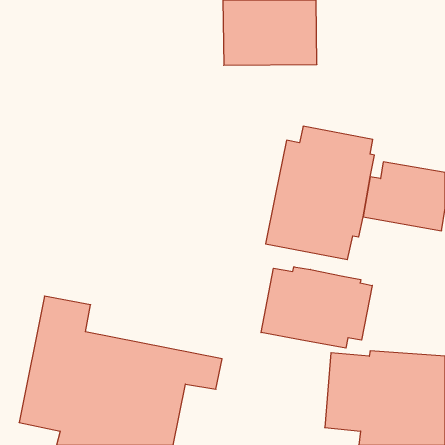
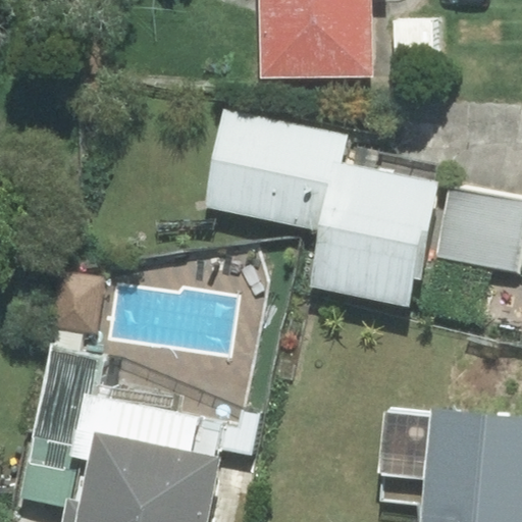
building: none -> [204,110,342,229]
building: [261,267,372,348] -> none

